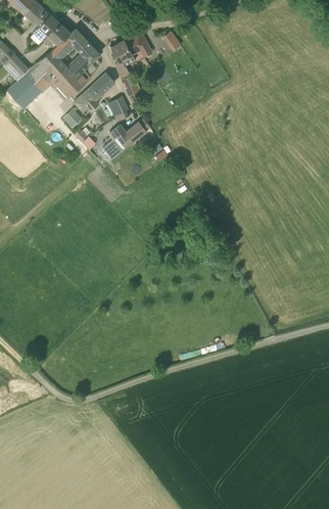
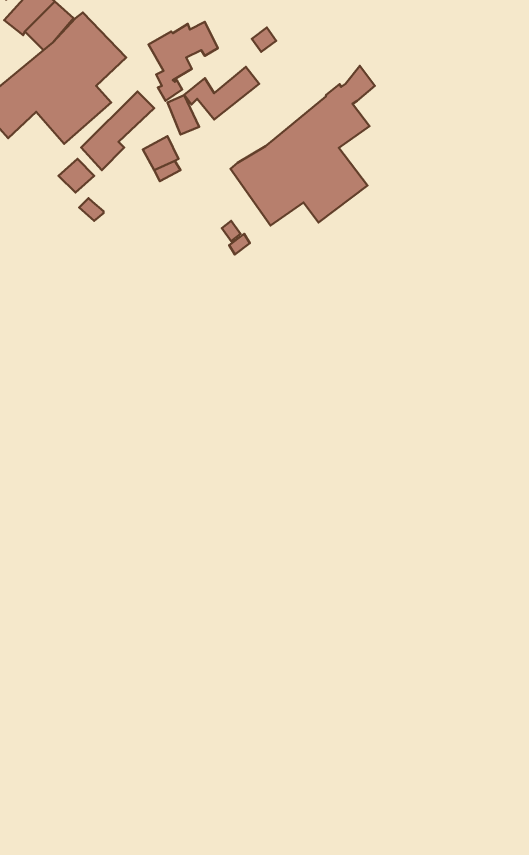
building: none -> [231,66,375,225]
building: [109,118,150,146] -> [184,67,259,119]

